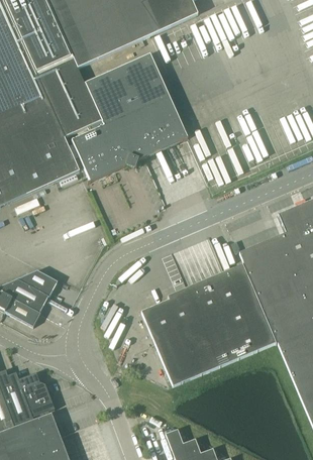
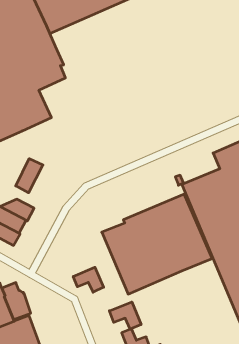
building: [71,53,187,183] -> none
building: none -> [16,159,43,193]
building: none -> [73,267,104,292]
building: none -> [109,302,141,329]

